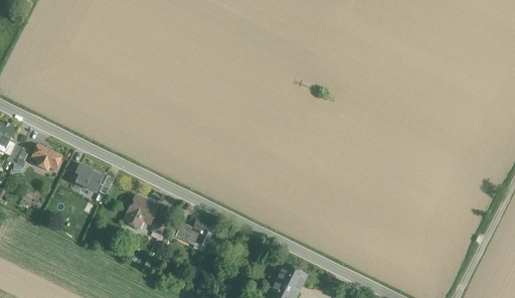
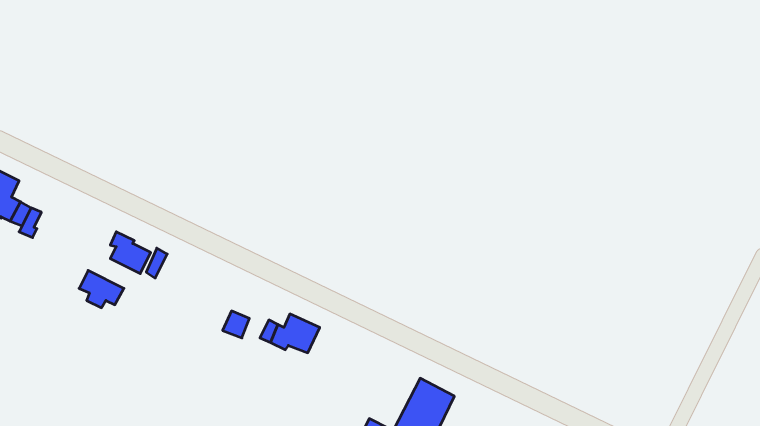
building: [31,144,61,169] -> [79,270,124,308]
building: [124,196,158,228] -> none

